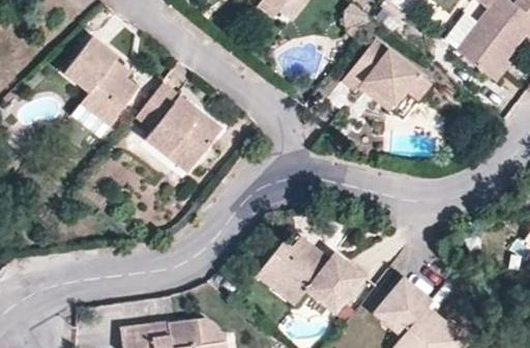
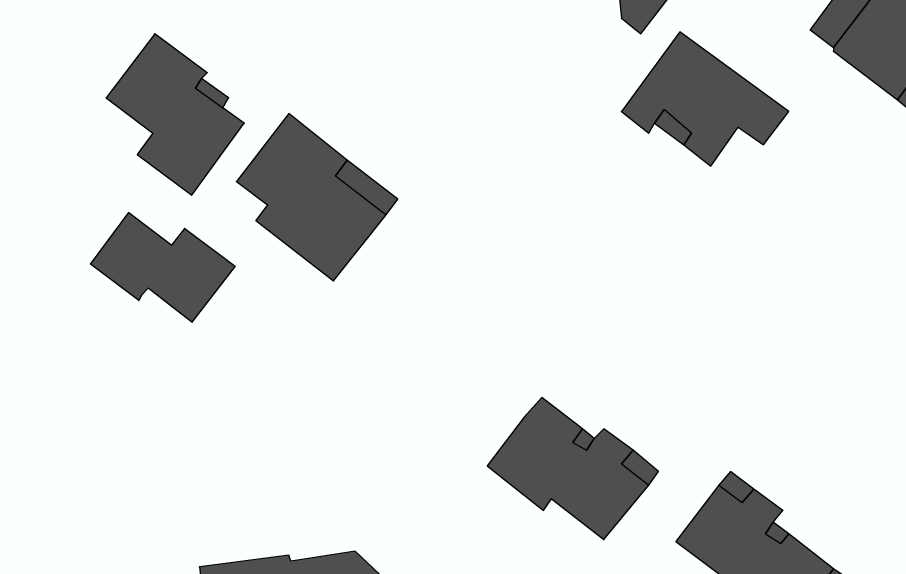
building: none -> [91,213,235,322]
building: [256,241,302,306] -> none

